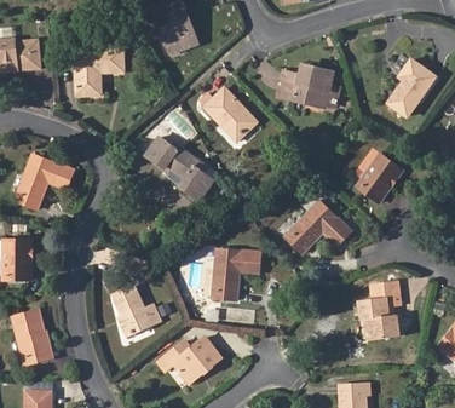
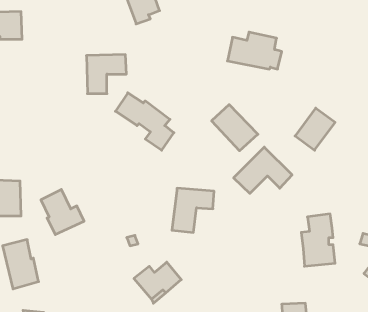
building: [75,47,122,93] -> [86,55,126,94]
building: [386,57,436,116] -> none
building: [203,86,258,140] -> [212,105,258,151]
building: [13,154,75,209] -> none
building: [110,282,161,335] -> [41,189,84,235]

